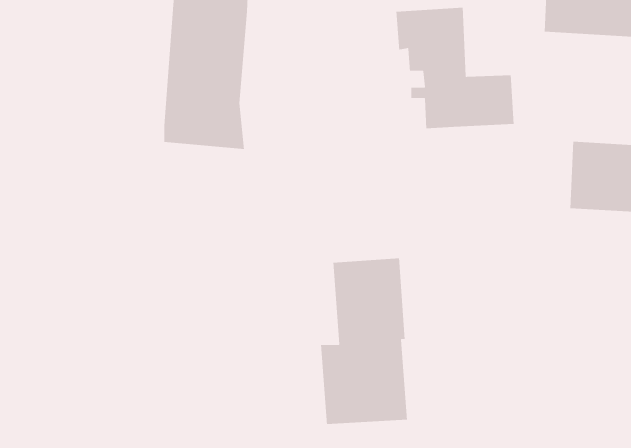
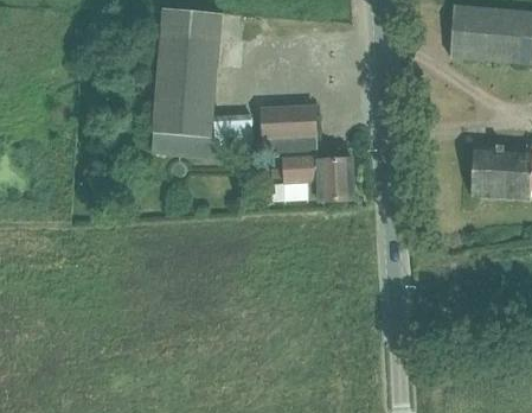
building: [395,7,515,129] -> [261,106,354,202]
building: [320,258,408,425] -> none

